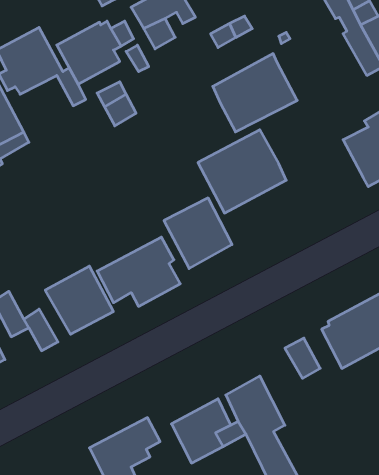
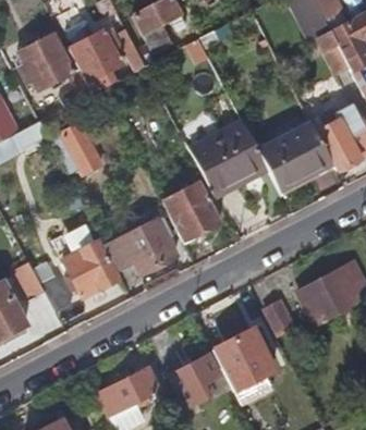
building: [213,54,297,132] -> [260,122,333,189]
building: none -> [48,113,102,173]

